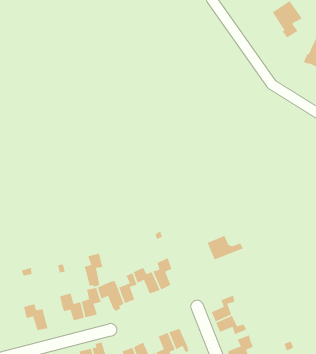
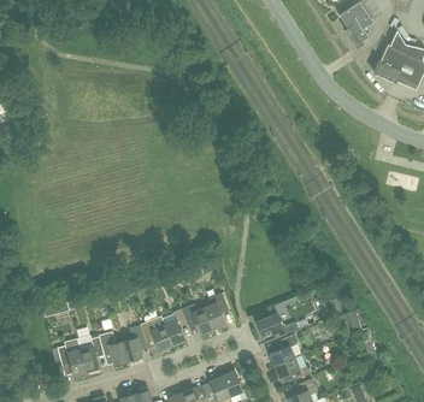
building: [207,235,244,261] -> [257,313,299,342]
building: [84,253,103,288] -> [81,333,102,373]

